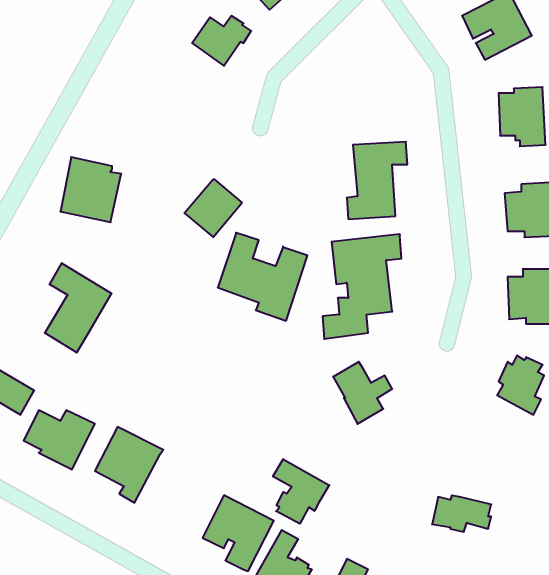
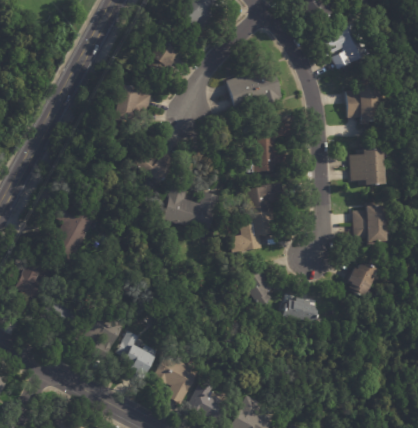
building: none -> [229,64,284,104]
building: [60,157,121,222] -> [110,83,150,126]
building: [273,459,329,524] -> none
building: none -> [123,339,159,378]
building: [432,495,491,532] -> [282,298,321,322]

